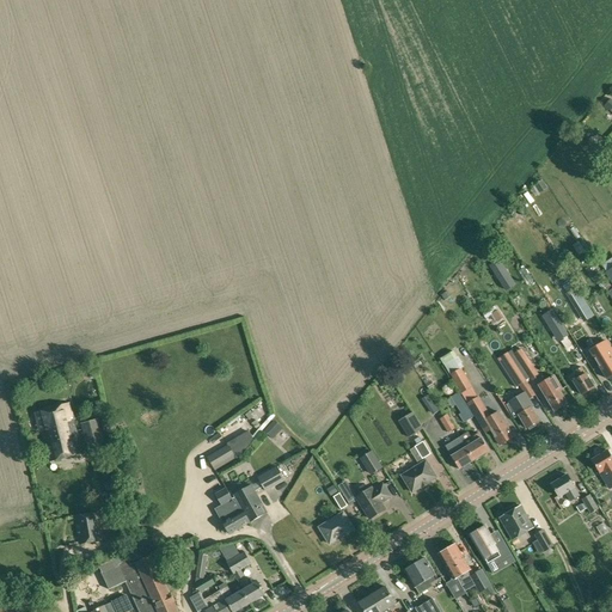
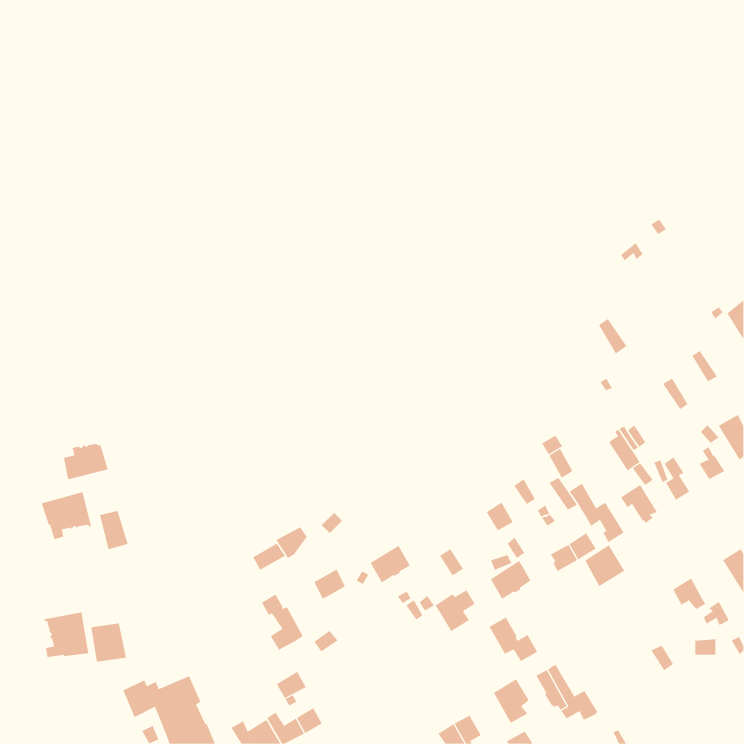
building: [44,430,81,460] -> [63,443,108,480]
building: [234,484,265,521] -> none
building: none -> [44,612,89,658]
building: [500,504,533,539] -> [584,545,625,587]
building: [319,512,353,543] -> [370,545,411,583]
building: [470,526,510,563] -> [489,617,538,662]

